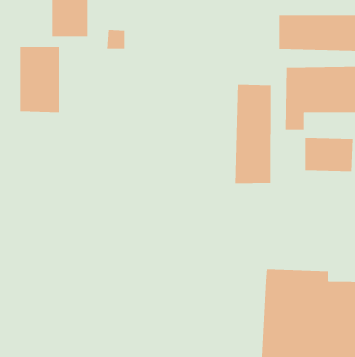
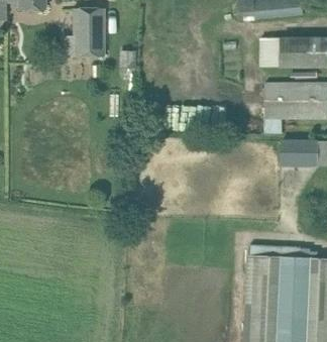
building: [20,46,60,113] -> none
building: [235,84,271,184] -> none

